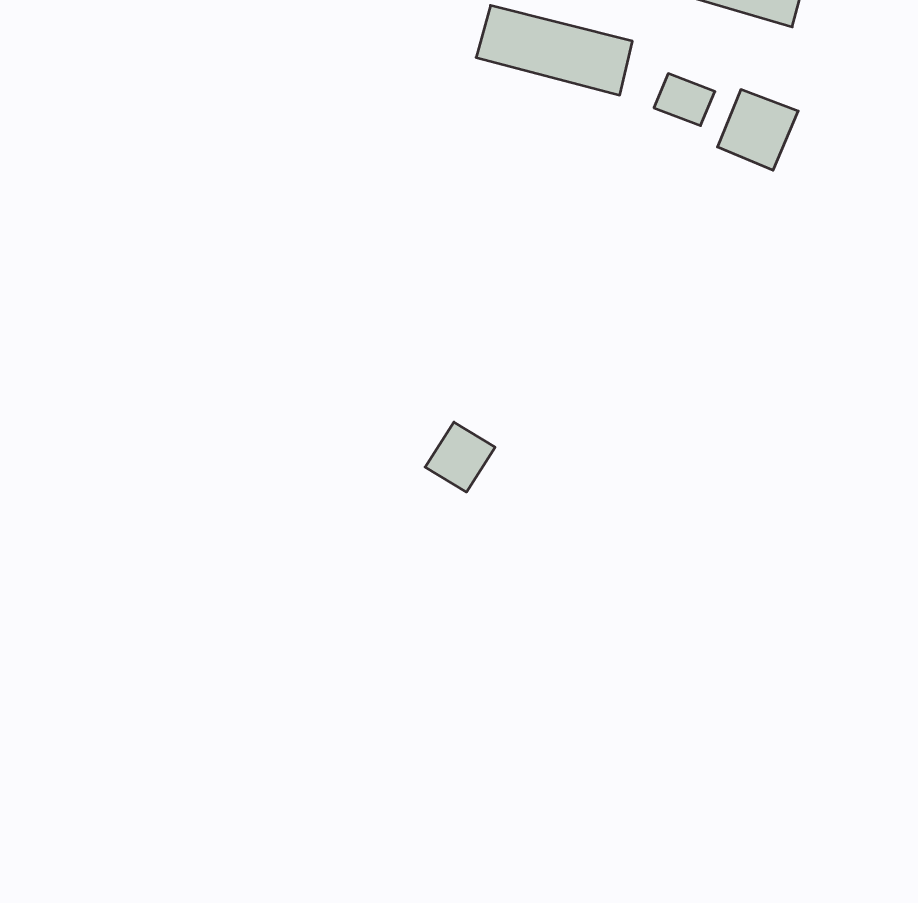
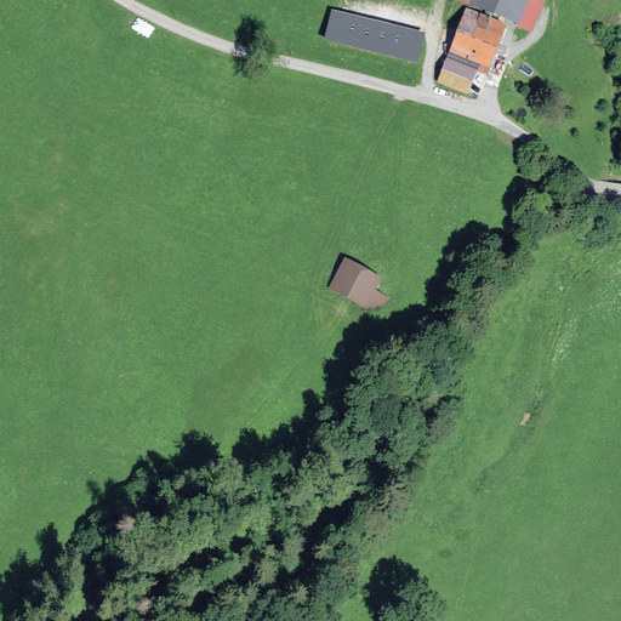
building: [717,90,798,170] -> [450,5,505,59]
building: [425,422,495,492] -> [337,262,384,309]

